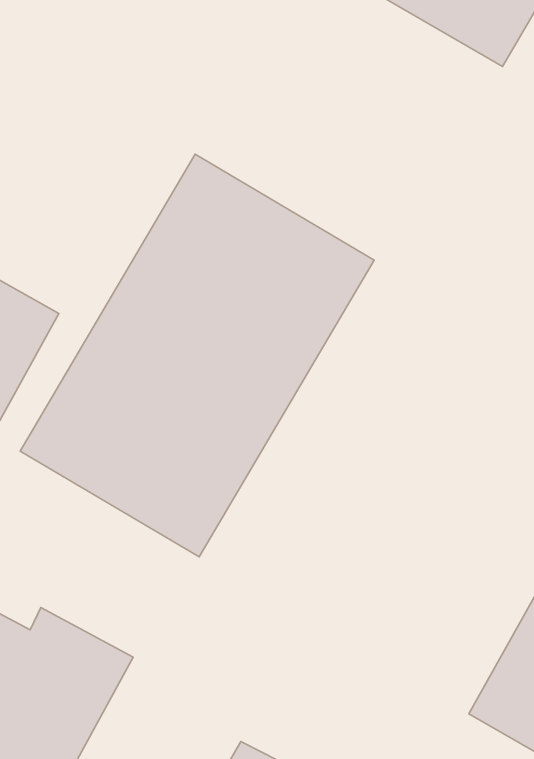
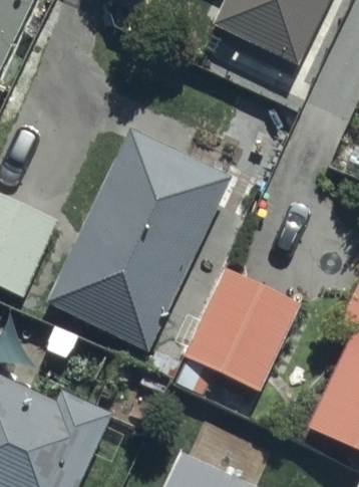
building: none -> [175,267,303,396]

